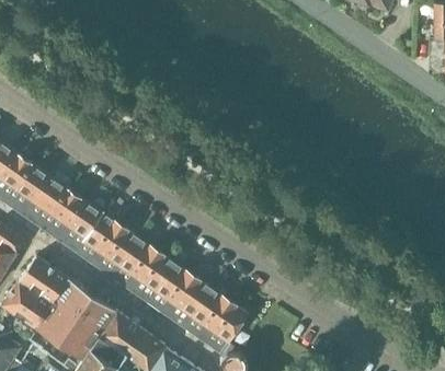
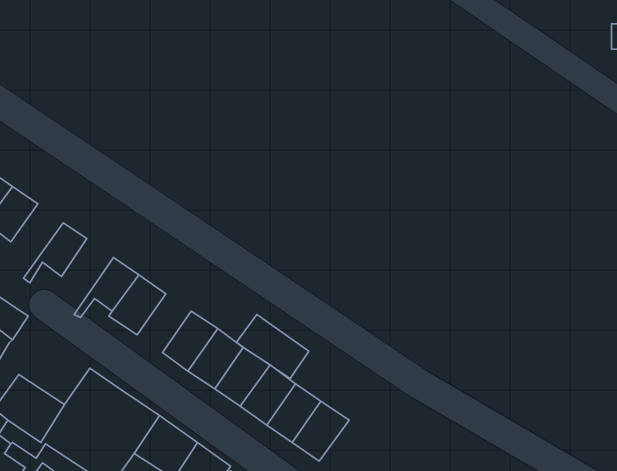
building: [12,164,48,216] -> none
building: [47,188,83,241] -> none
building: [100,227,137,267] -> none
building: none -> [236,314,309,378]
building: [18,257,67,303] -> none

